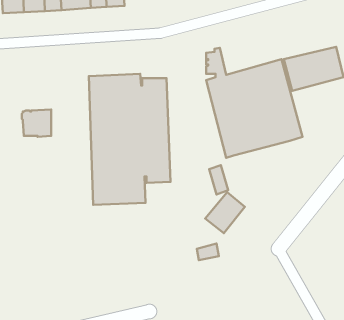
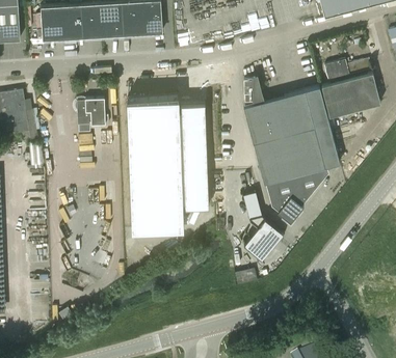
building: none -> [323,59,371,82]
building: [22,110,51,137] -> [76,100,105,127]
building: none -> [271,167,328,223]

